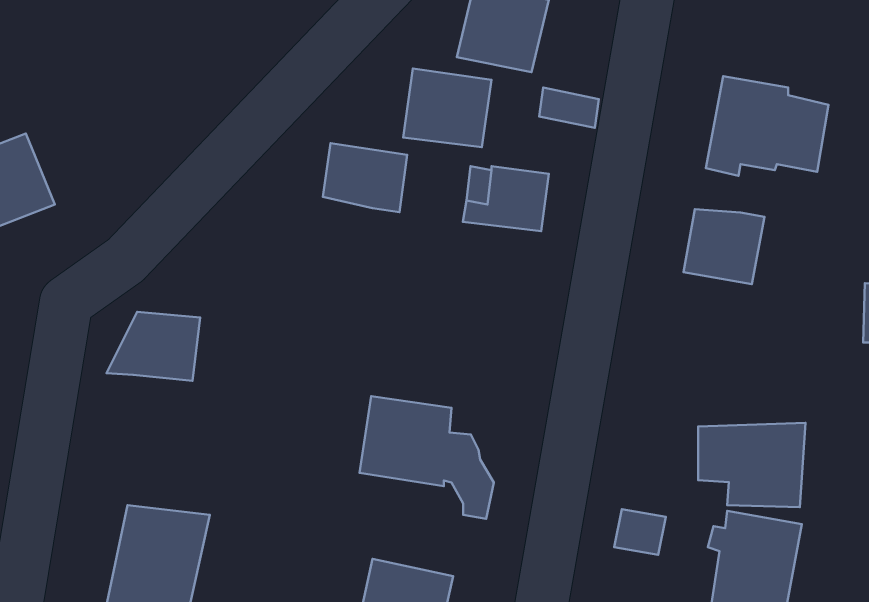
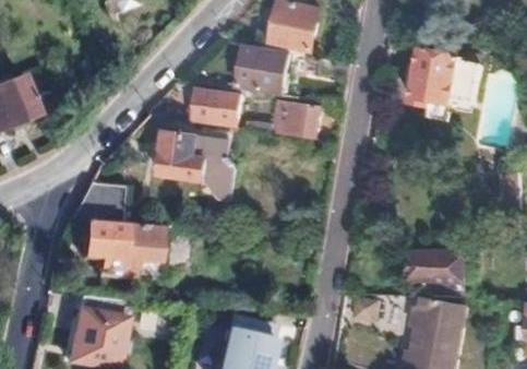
building: [683,209,764,284] -> none
building: none -> [80,219,157,278]
building: [360,396,494,519] -> [157,130,233,200]

